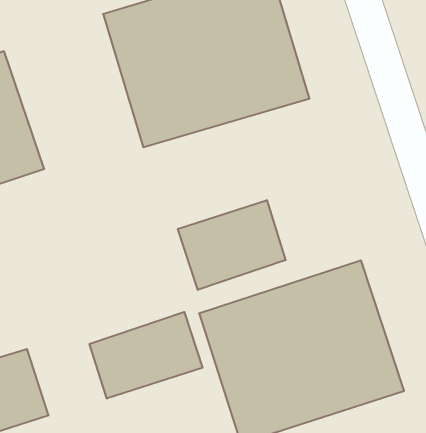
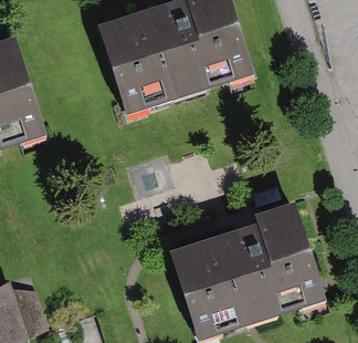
building: [178,200,286,290] -> none
building: [90,312,202,399] -> none

